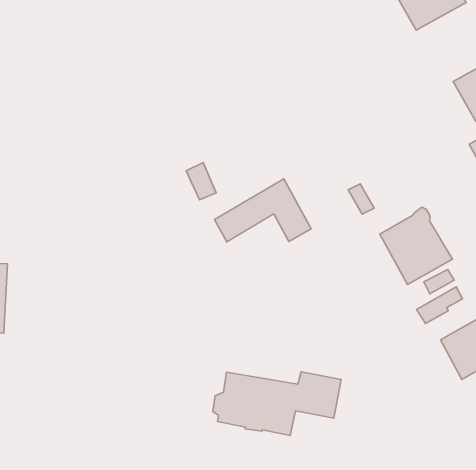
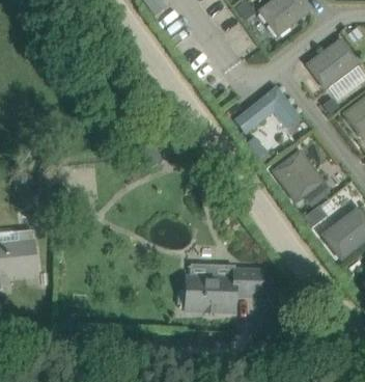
building: [214,179,311,242] -> [235,86,300,133]

